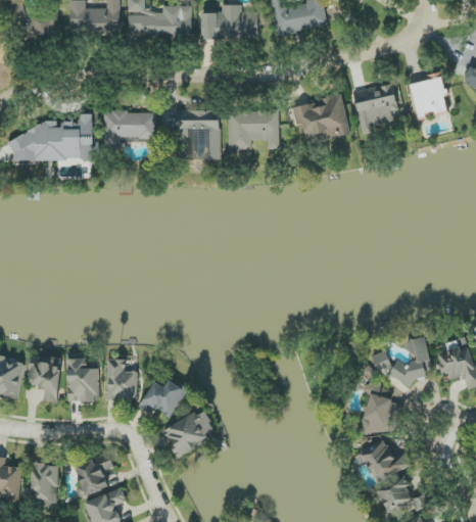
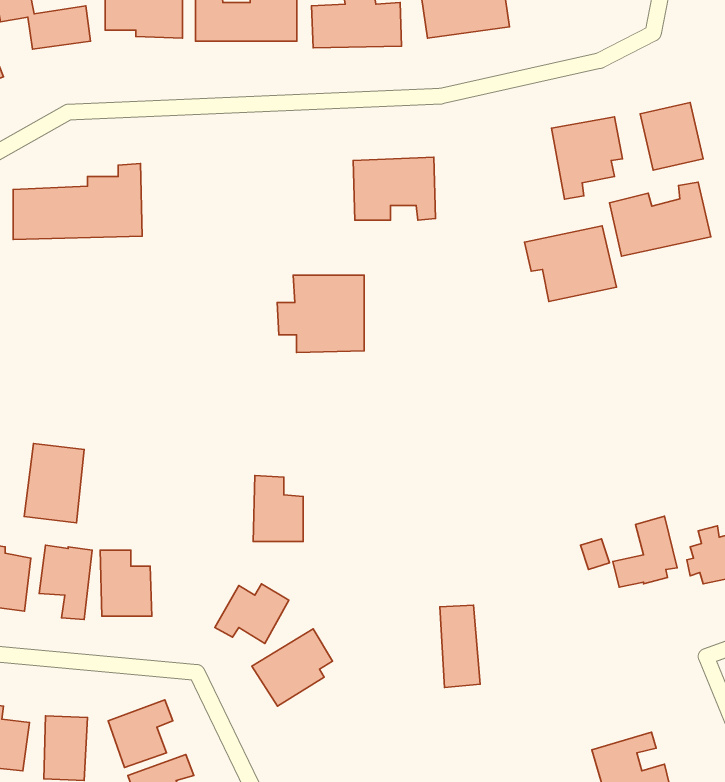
building: [291,96,349,144] -> [525,226,617,302]
building: [164,110,220,159] -> [277,275,364,352]
building: [103,111,154,148] -> none
building: none -> [609,182,711,256]
building: none -> [24,444,84,523]
building: [105,359,137,400] -> [253,475,303,541]
building: [364,381,389,433] -> [440,605,480,687]
building: [361,440,411,483] -> none

